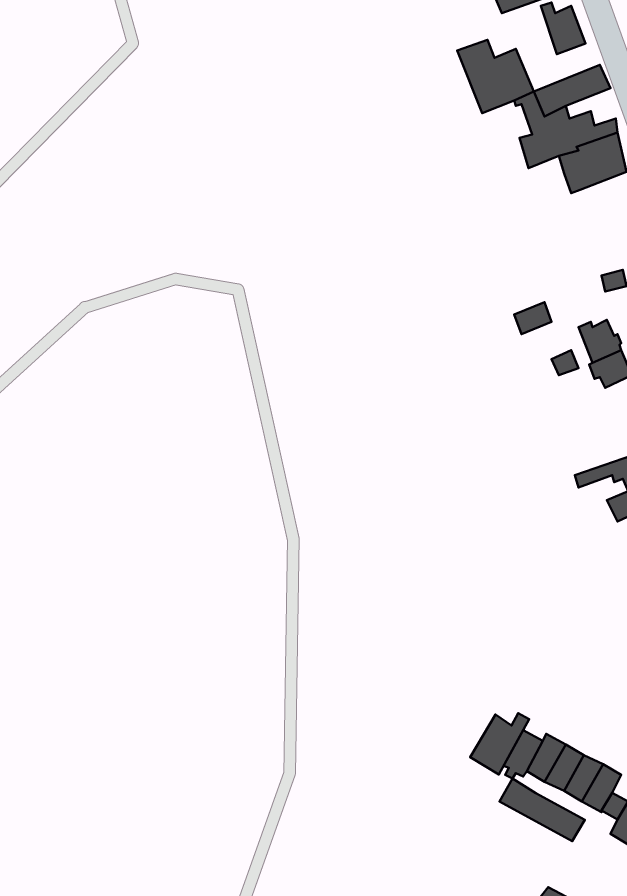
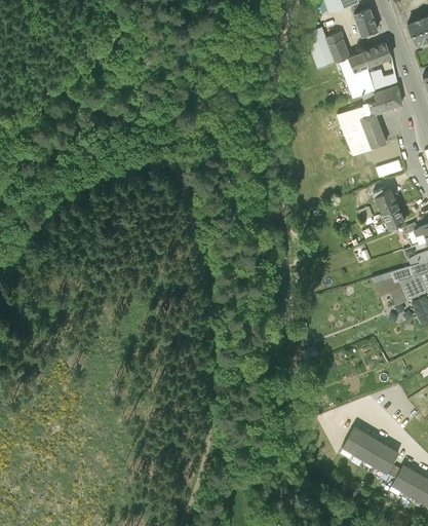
building: none -> [338,106,387,157]
building: [470,713,529,774] -> none
building: [499,778,585,841] -> none

